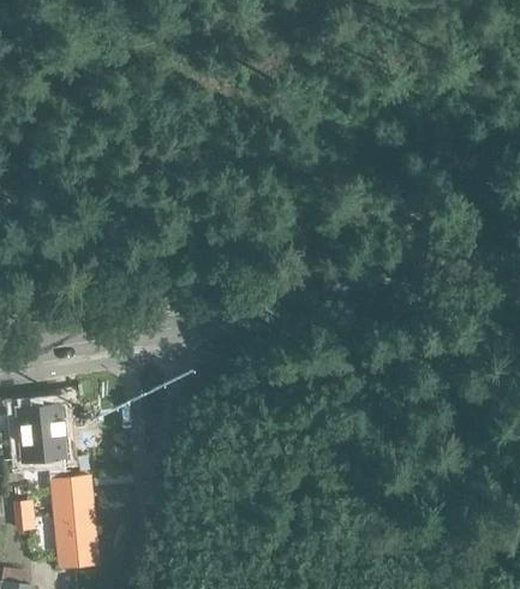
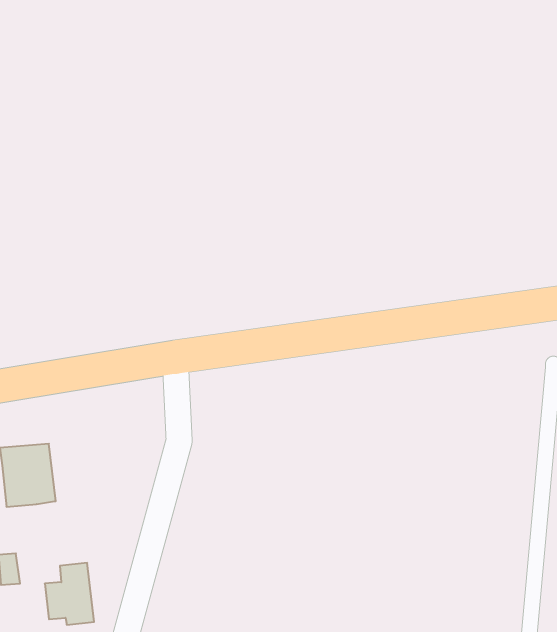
building: [50,475,92,528] -> none

